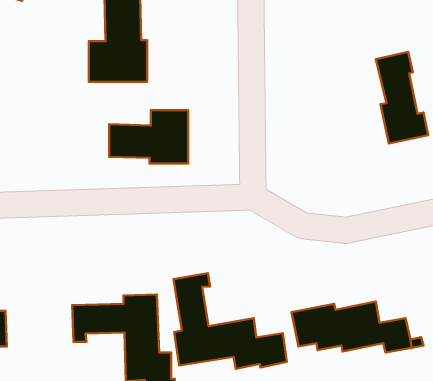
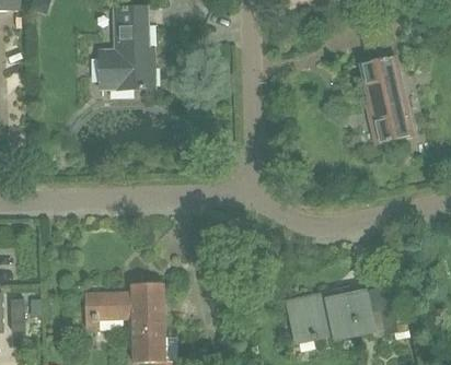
building: [109,110,188,163] -> none
building: [174,273,287,369] -> none

